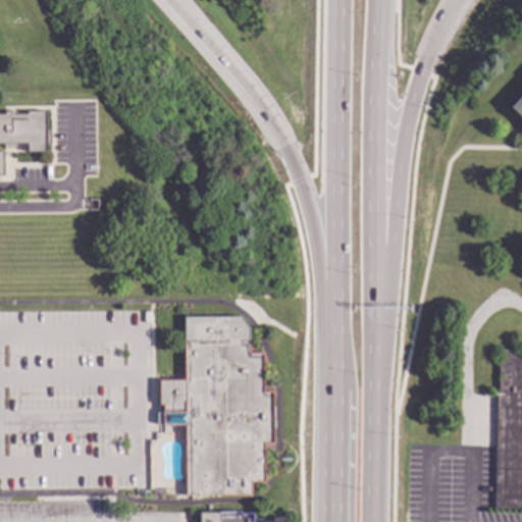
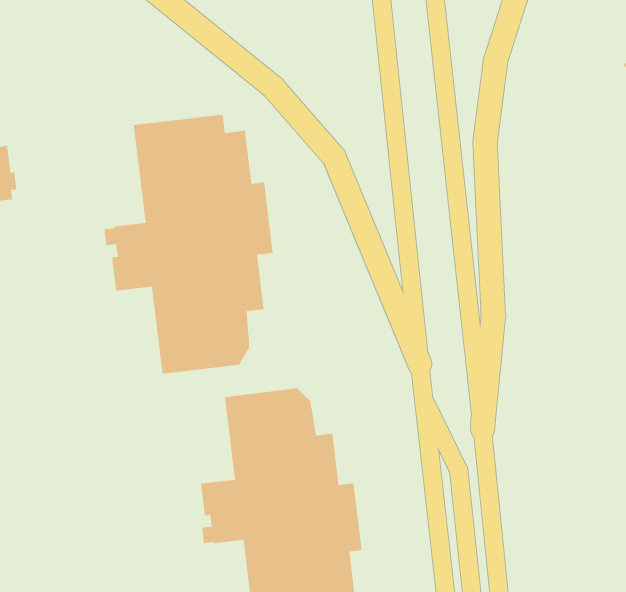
building: none -> [104,114,273,375]

